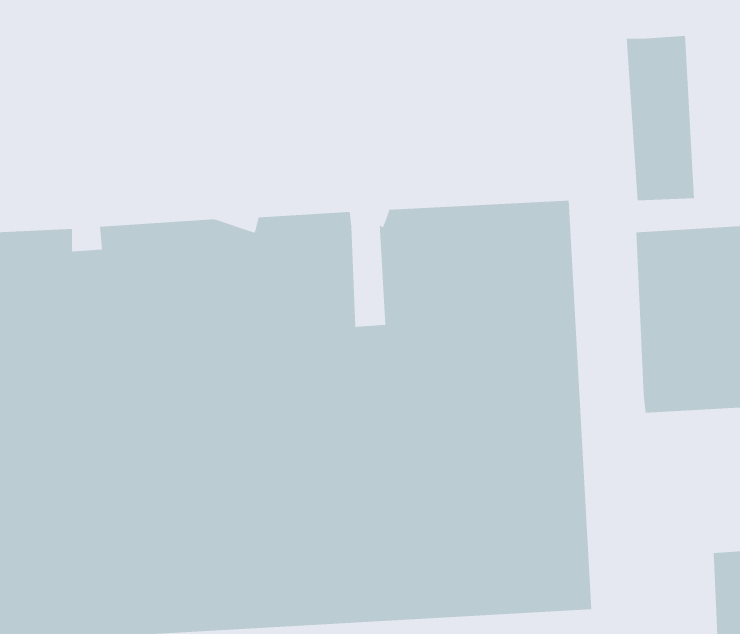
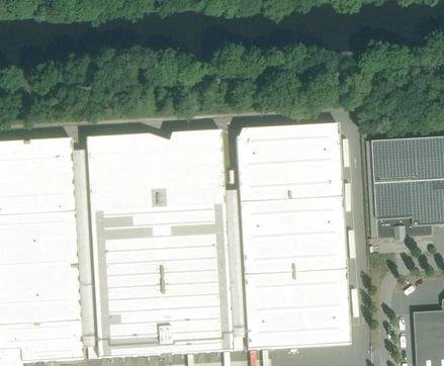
building: [626,35,695,201] -> none

